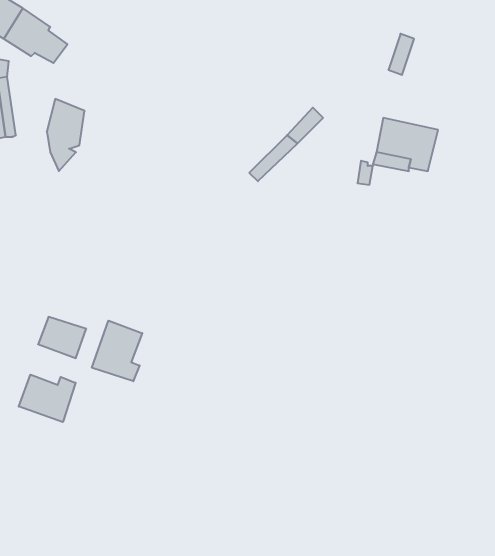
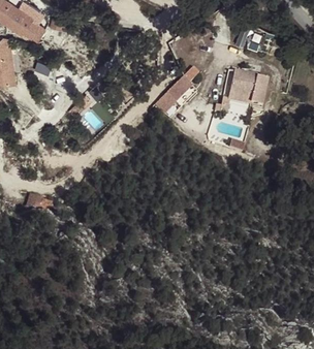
building: [92,321,142,381] -> none
building: [19,375,76,422] -> none

